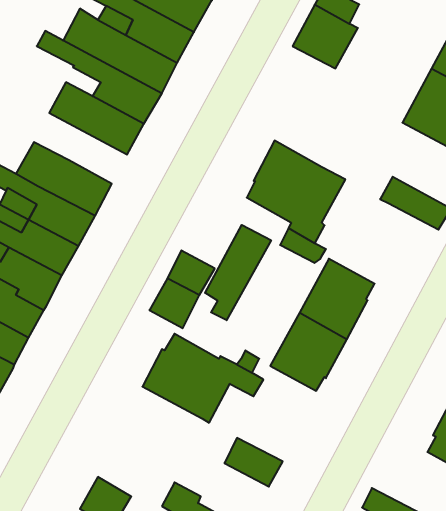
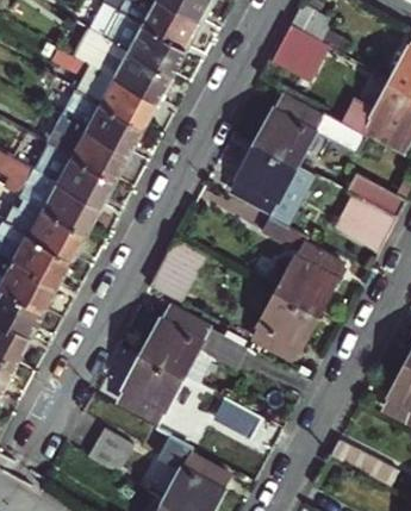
building: none -> [255,96,366,164]
building: none -> [49,118,129,179]
building: none -> [335,195,396,251]
building: [205,225,271,320] -> none
building: none -> [119,353,193,428]

